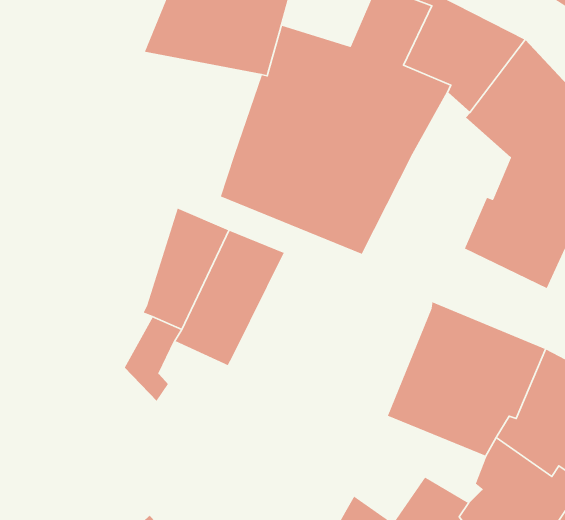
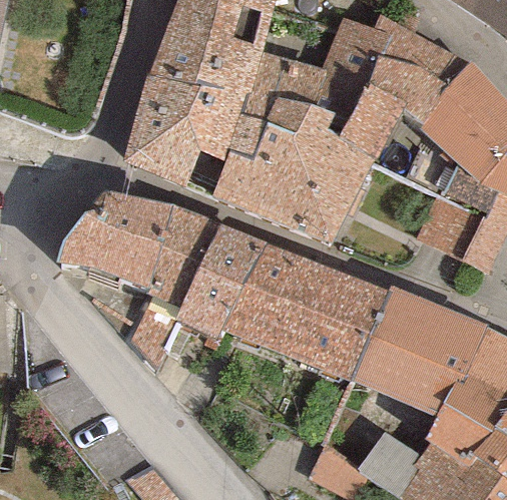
building: none -> [124,73,246,188]
building: none -> [58,189,175,288]
building: none -> [223,242,390,381]

